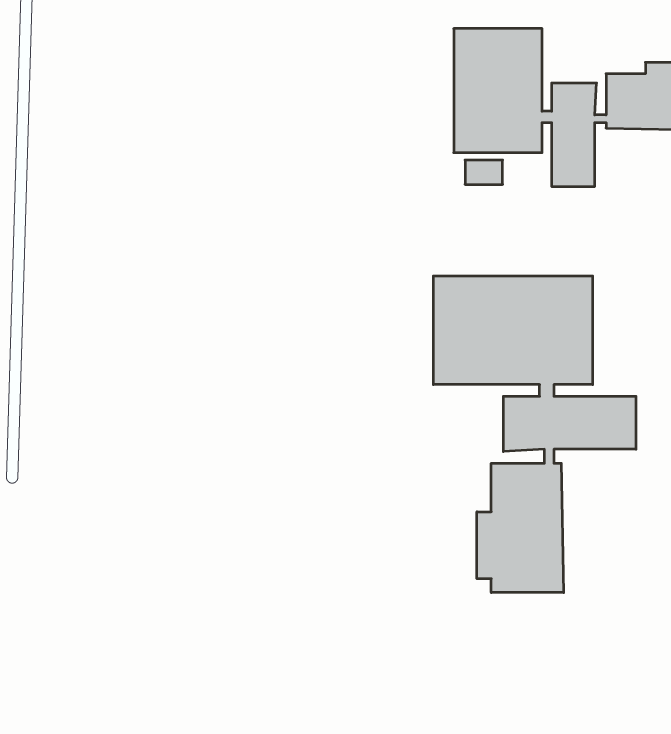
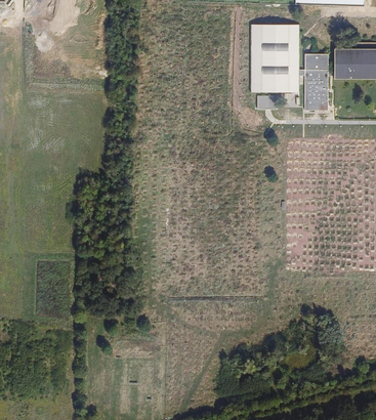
building: [433,276,636,593] -> none

